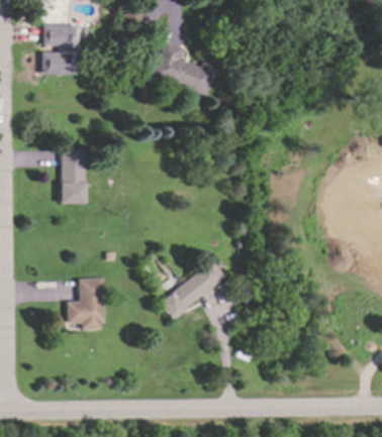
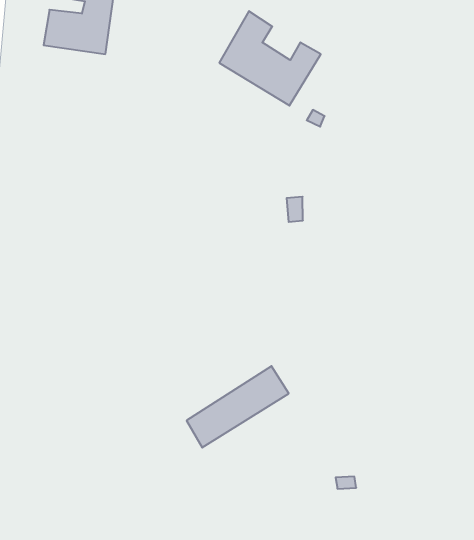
building: [64,148,87,203] -> none
building: [64,282,102,332] -> none

